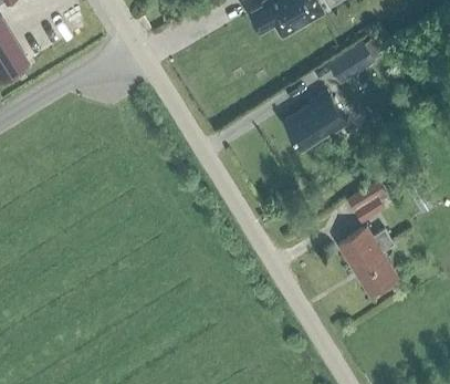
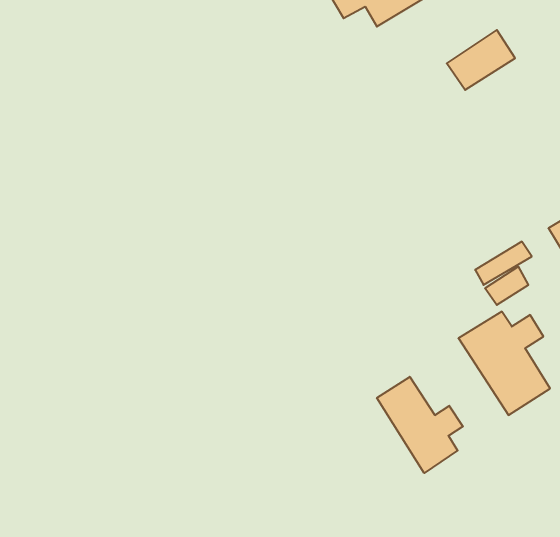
building: [284,93,348,152] -> none
building: none -> [377,377,463,473]

